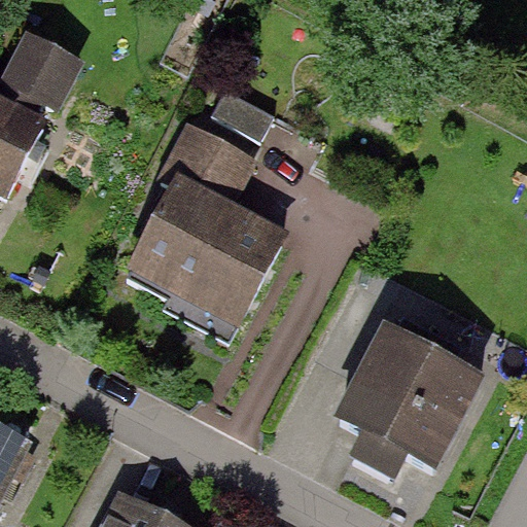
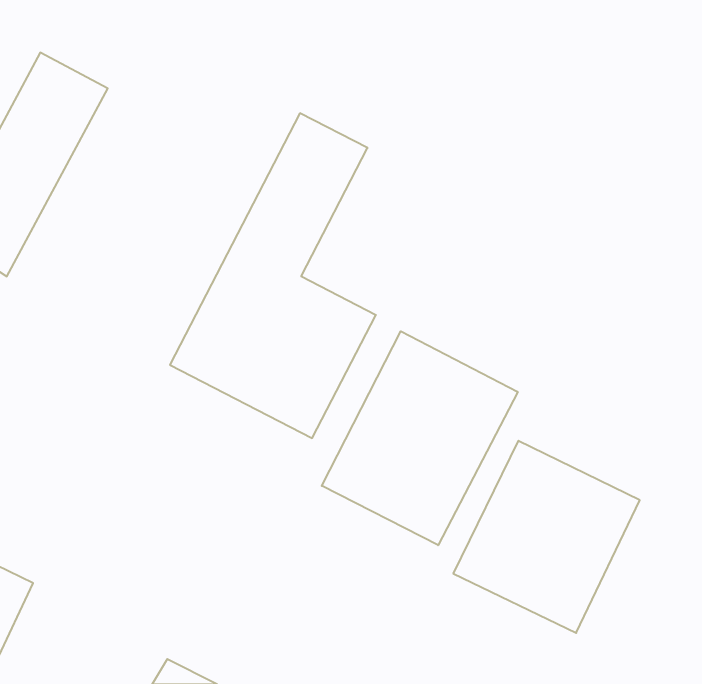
building: none -> [322,331,518,545]

